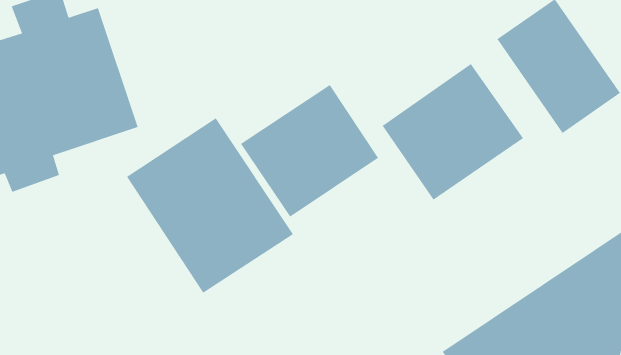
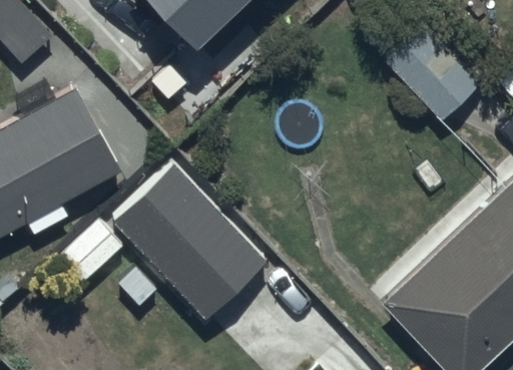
building: [382,63,524,200] -> none
building: [240,84,379,217] -> none

